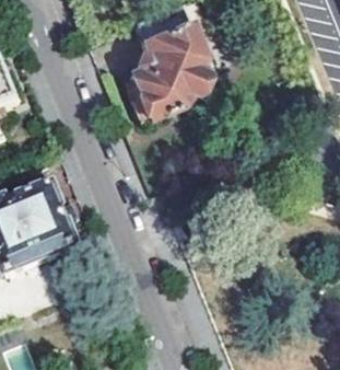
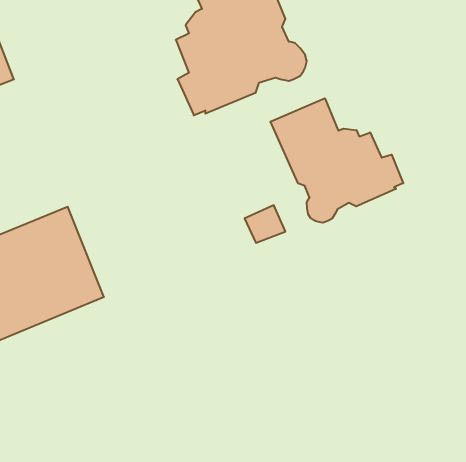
building: none -> [270,98,403,223]

